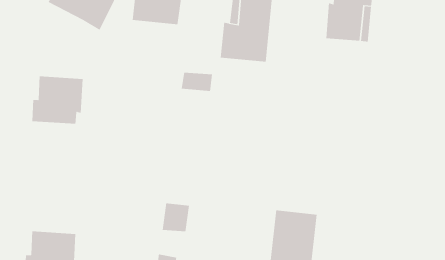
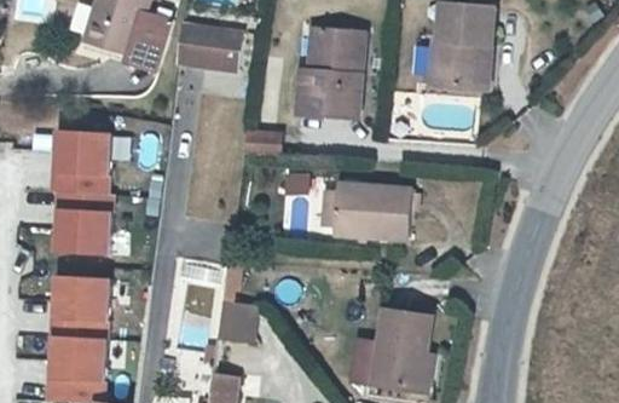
building: none -> [334,192,410,252]
building: none -> [45,198,114,263]
building: none -> [44,276,112,339]

